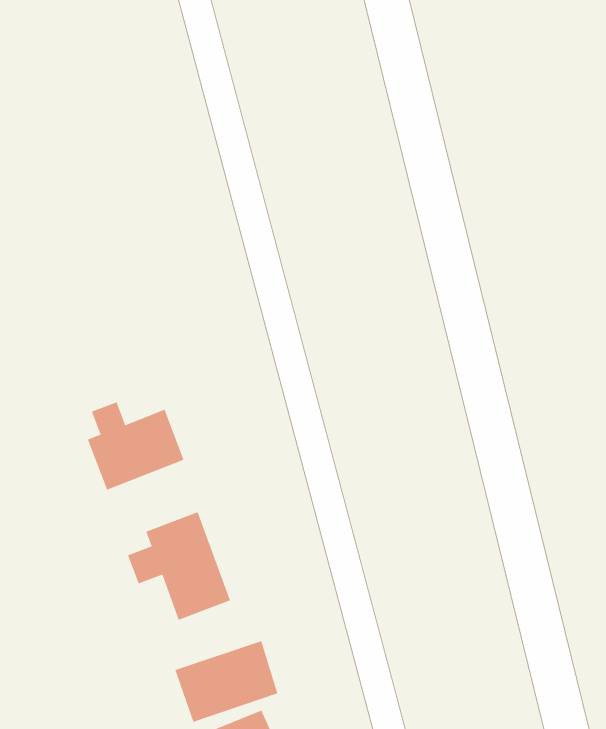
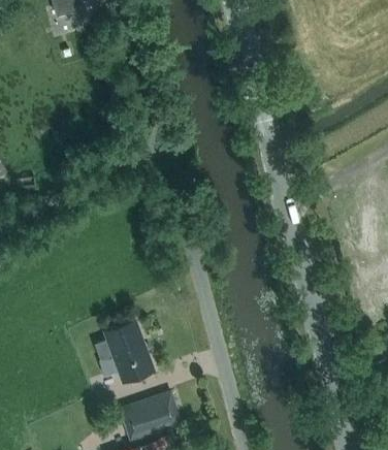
building: [87,401,184,490] -> none

